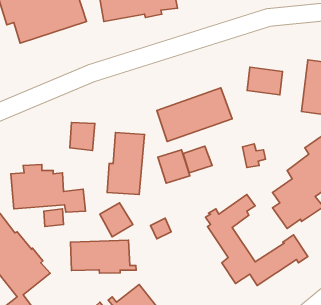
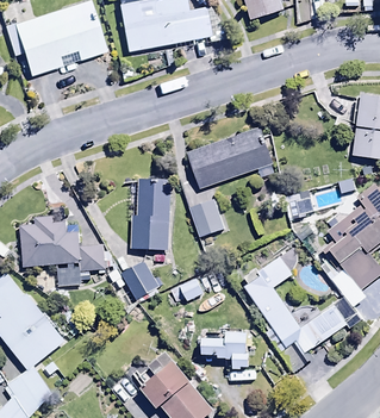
building: [247,67,282,95] -> none
building: [70,123,95,150] -> none
building: [183,146,212,173] -> none
building: [70,240,136,273] -> none
building: none -> [204,331,251,370]

